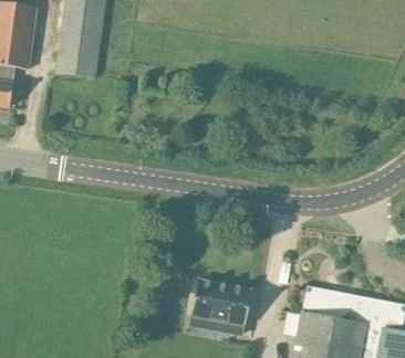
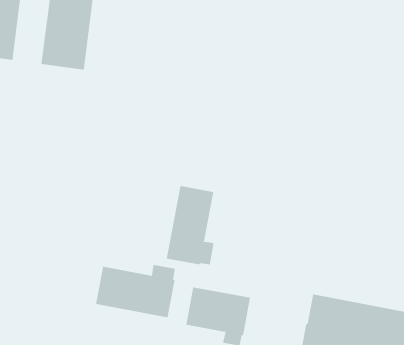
building: none -> [166,185,214,265]
building: none -> [96,264,175,318]

